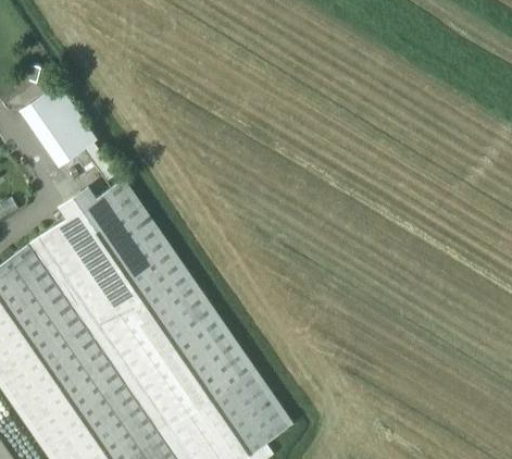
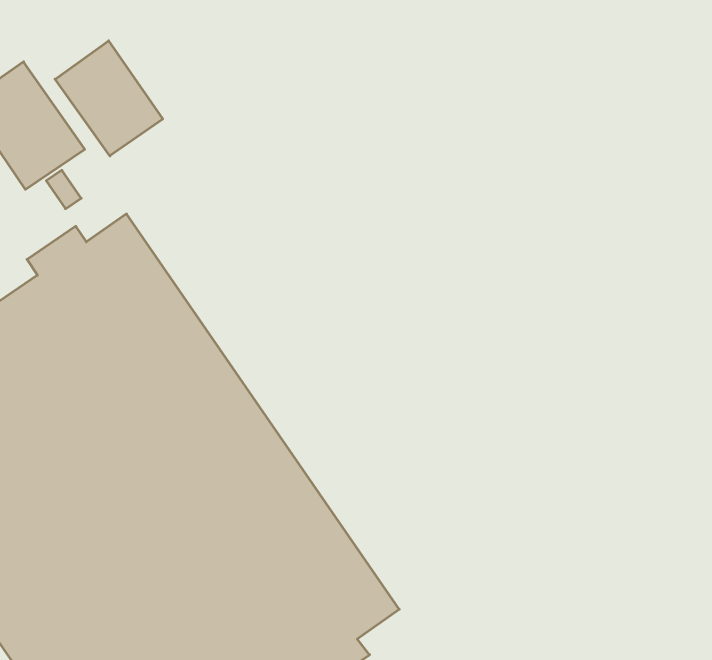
building: none -> [55,41,163,156]

